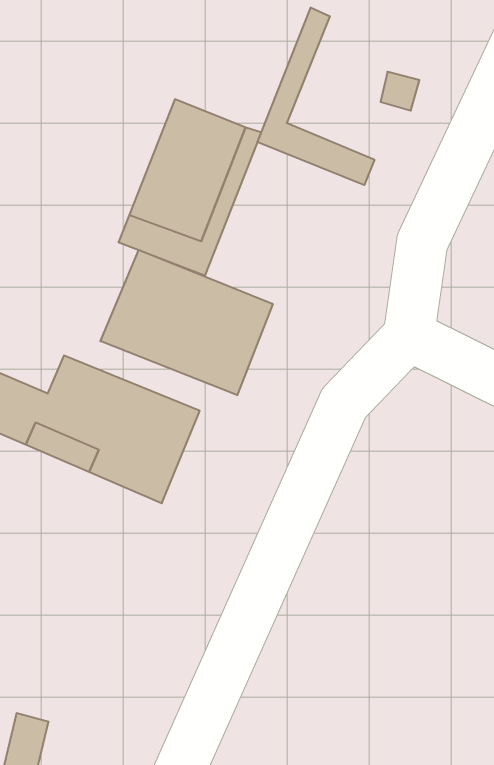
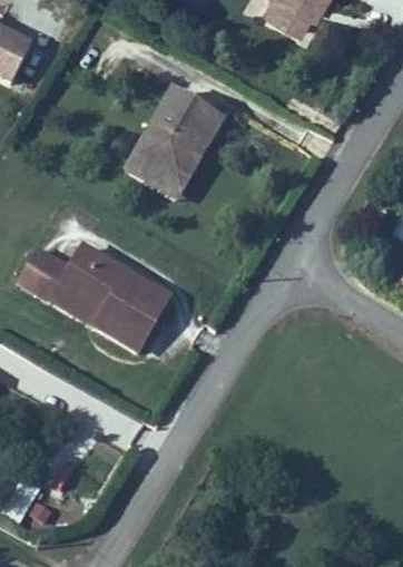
building: [258,7,374,185] -> none
building: [100,250,273,395] -> none

